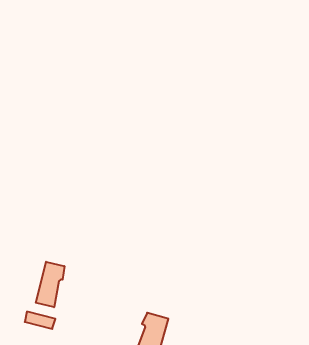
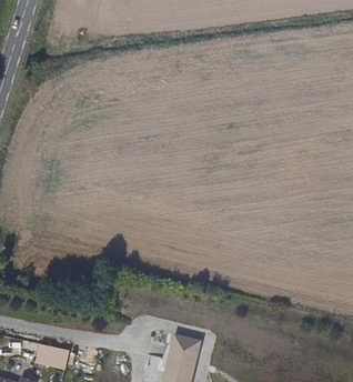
building: [36,262,64,307] -> none

